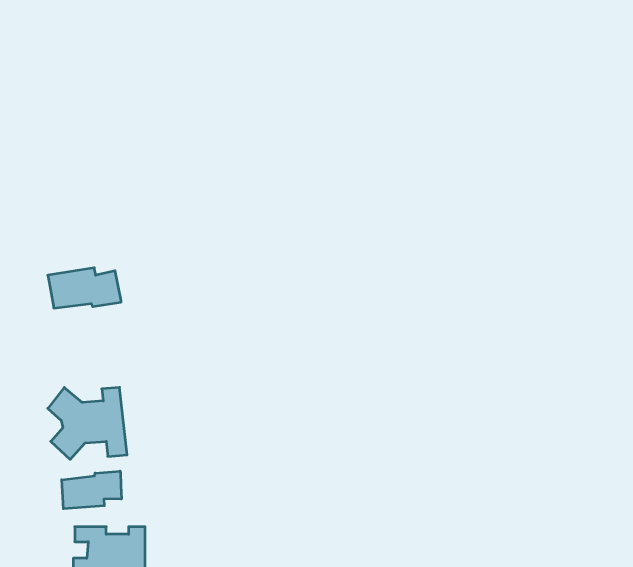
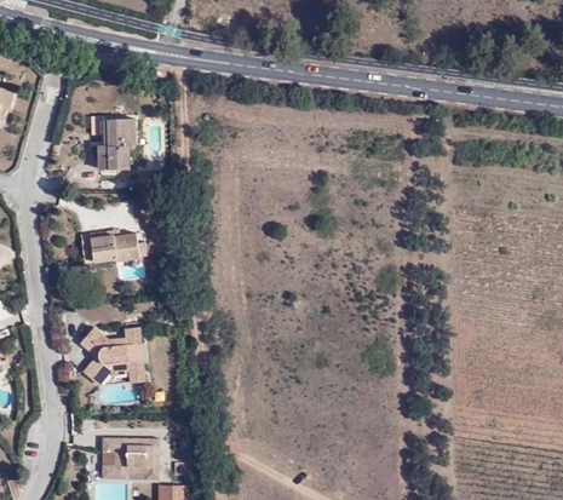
building: none -> [96,120,134,171]
building: [62,471,121,509] -> none

